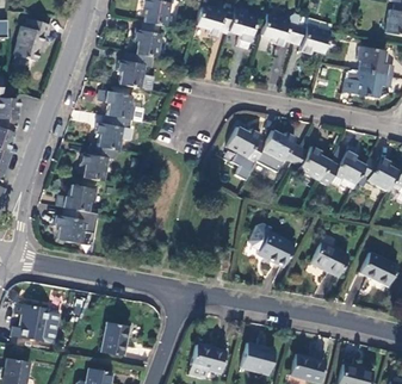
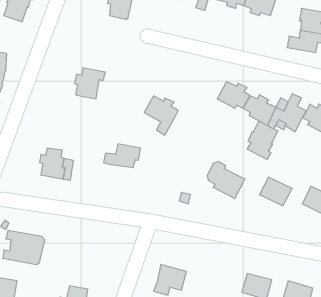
building: [118,52,156,91] -> none
building: [99,89,142,122] -> none
building: [227,128,266,173] -> [144,96,178,135]
building: [81,145,111,182] -> none
building: none -> [247,121,278,159]
building: [56,185,99,212] -> [104,144,140,168]
building: [101,322,129,357] -> none
building: [241,342,276,374] -> none

